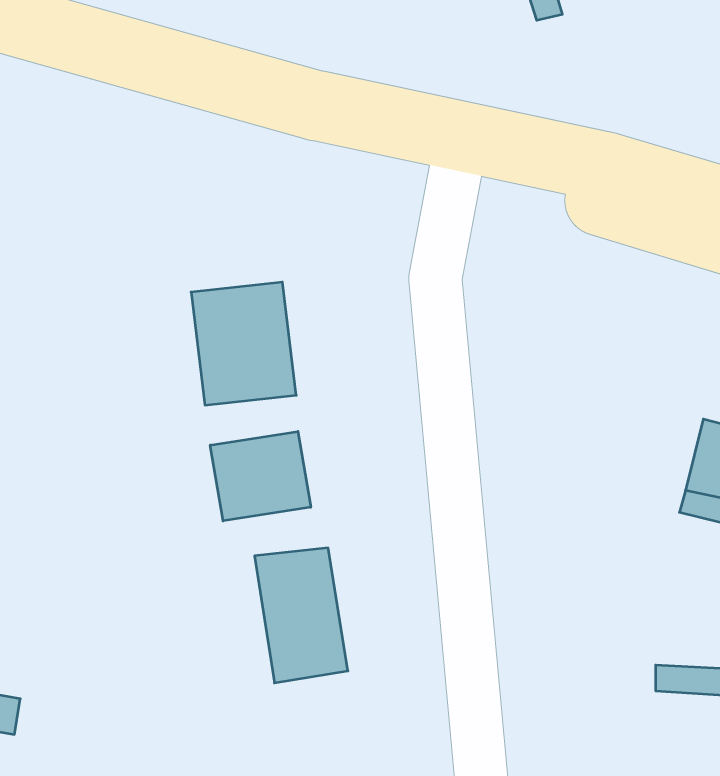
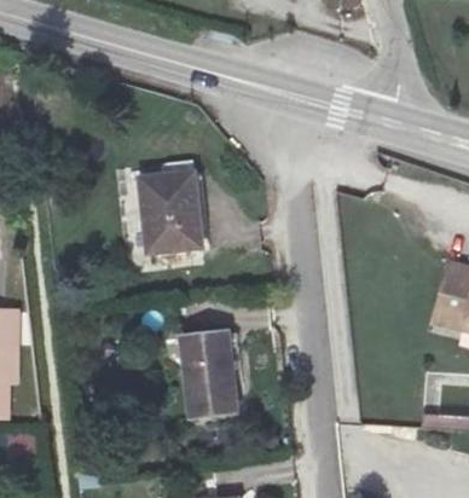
building: [210,431,311,521] -> none

